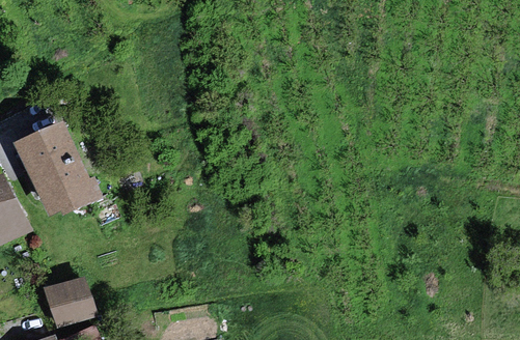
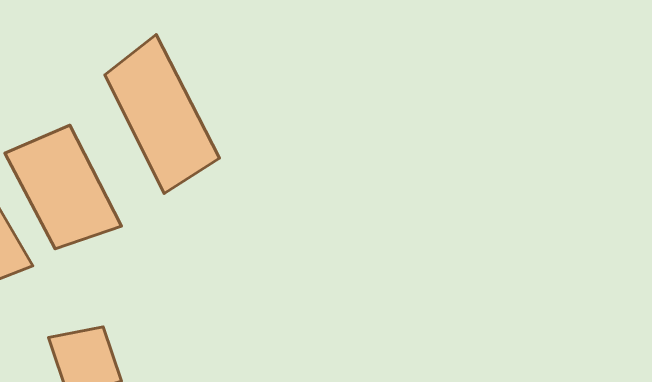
building: none -> [105,35,220,193]

